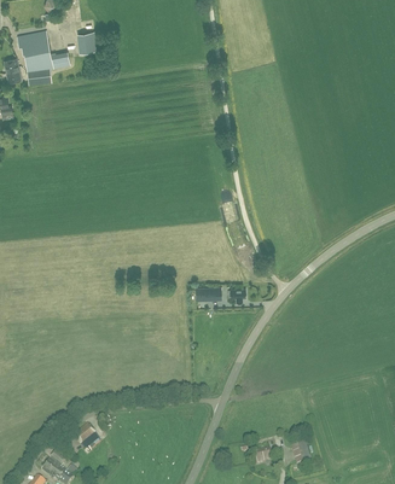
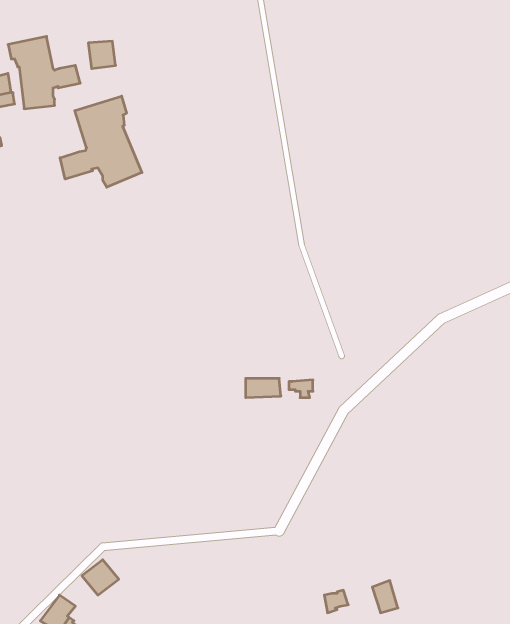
building: none -> [60,96,142,187]

